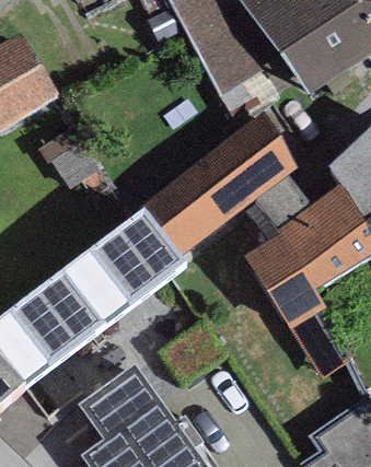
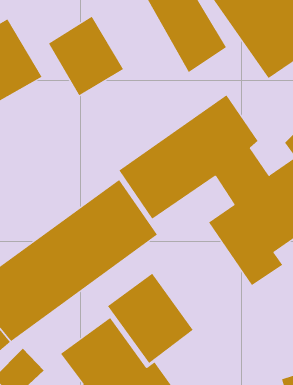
building: none -> [48,16,124,96]
building: none -> [107,273,193,364]

